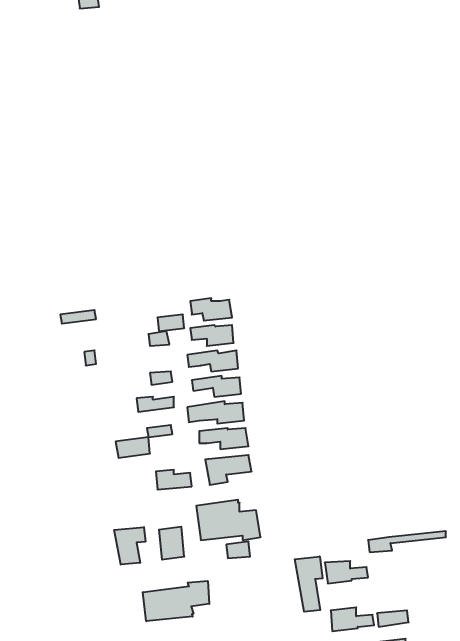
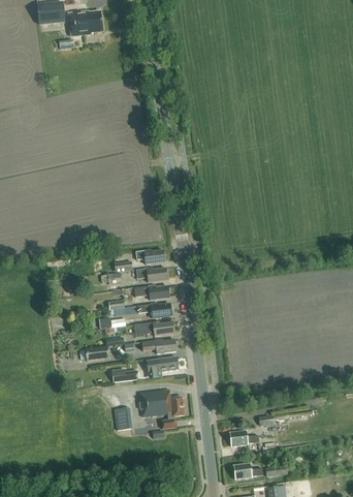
building: [114,527,145,565] -> none
building: [295,556,323,612] -> none
building: [143,581,209,621] -> none

